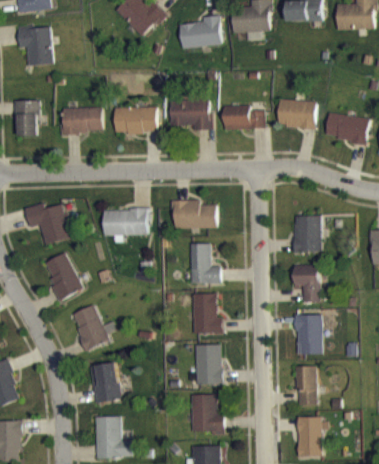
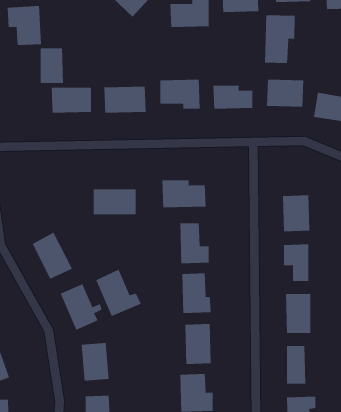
building: none -> [265,14,295,64]
building: [15,100,39,136] -> [40,48,64,84]
building: [24,203,71,245] -> none
building: none -> [95,269,141,317]

